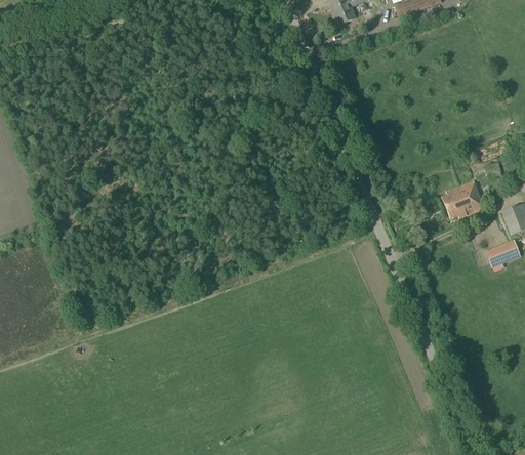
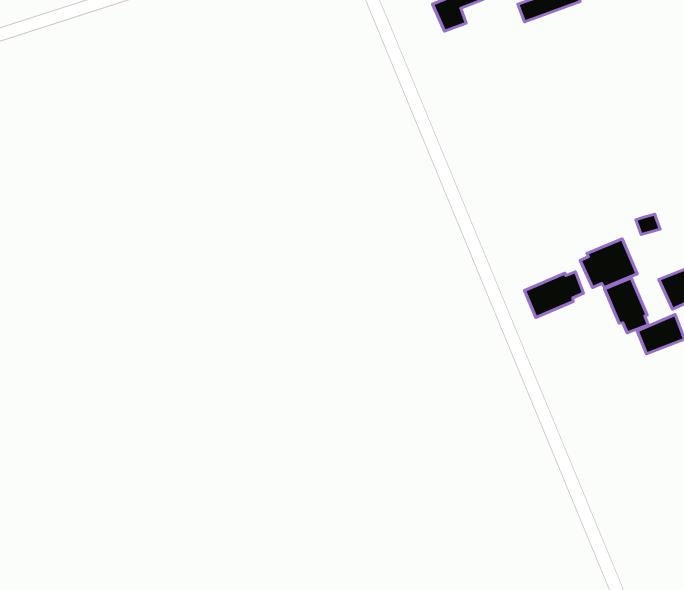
building: none -> [524,272,584,318]
building: none -> [605,278,648,333]

